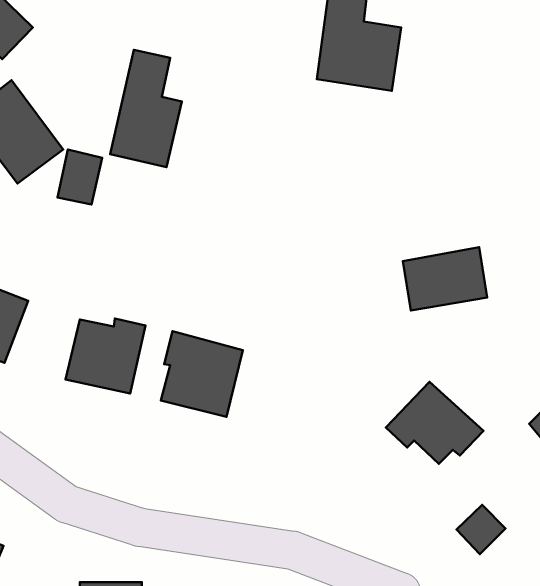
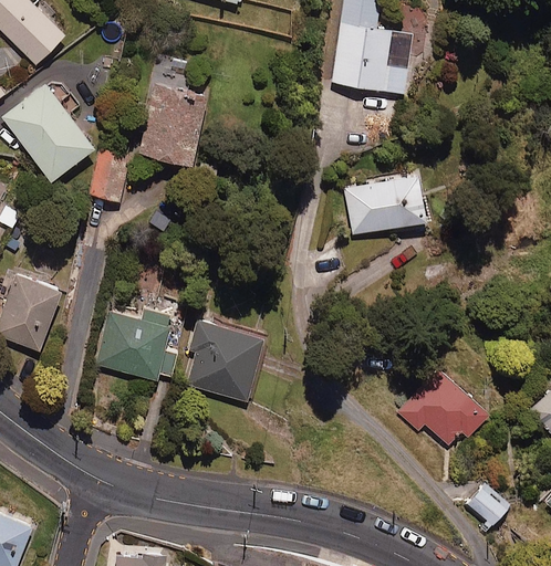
building: [403,247,487,311] -> [345,175,425,234]

